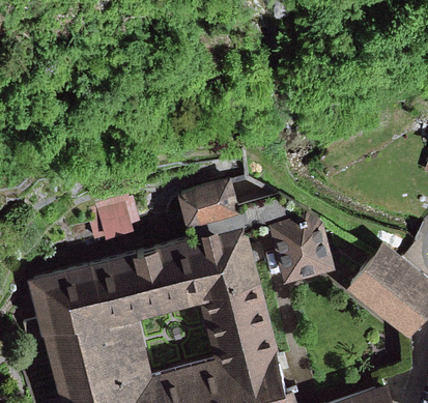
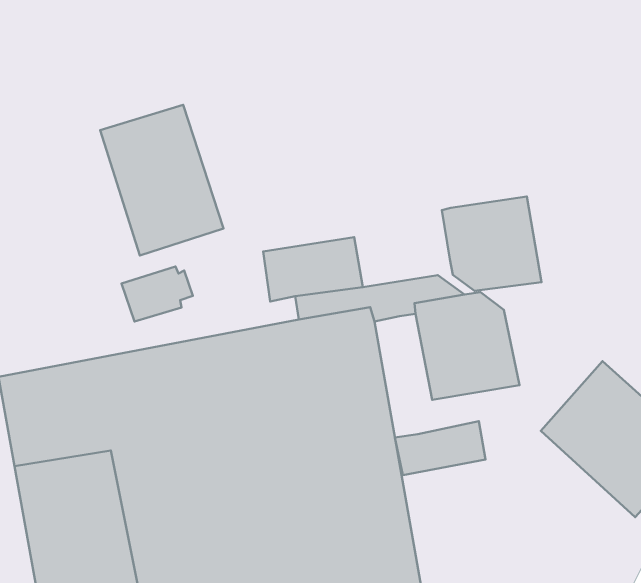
building: none -> [100,105,224,256]
building: none -> [442,197,541,291]
building: none -> [395,421,485,475]

